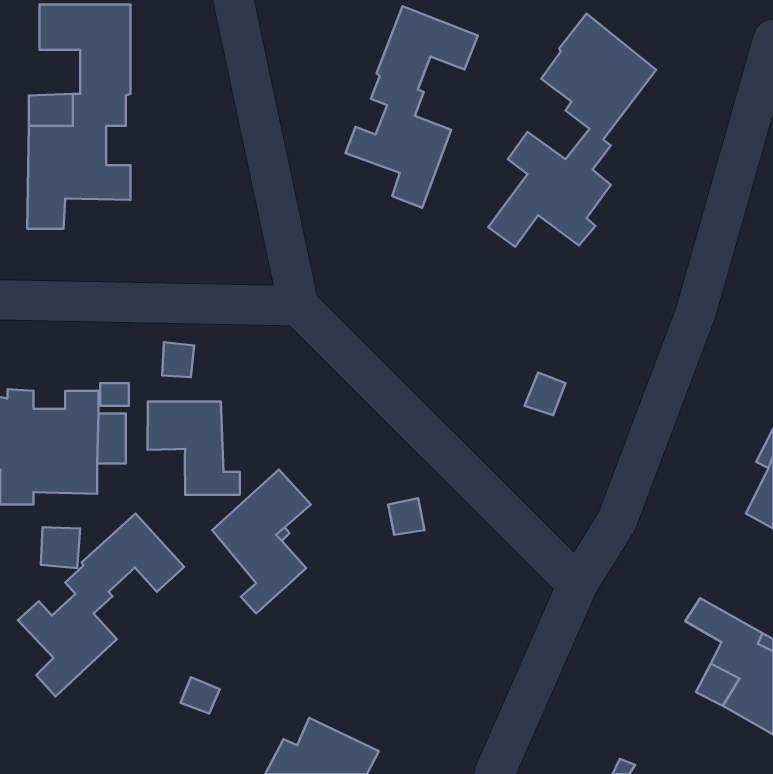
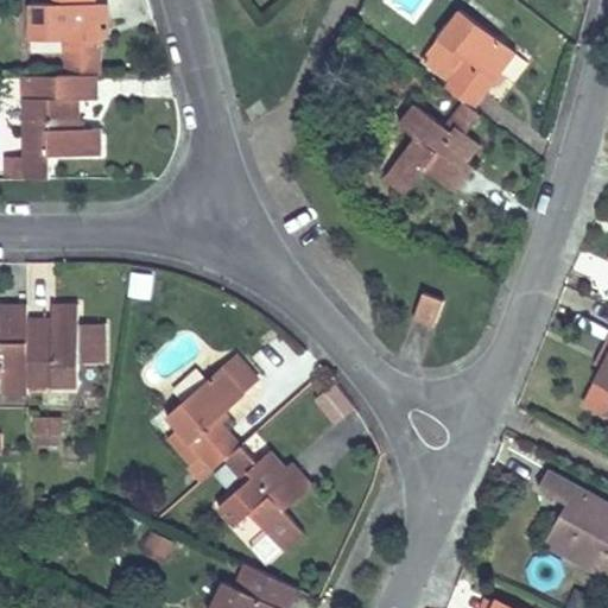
building: [345,6,478,208] -> none
building: [148,401,240,495] -> none
building: [18,513,184,697] -> none
building: none -> [216,445,310,552]

